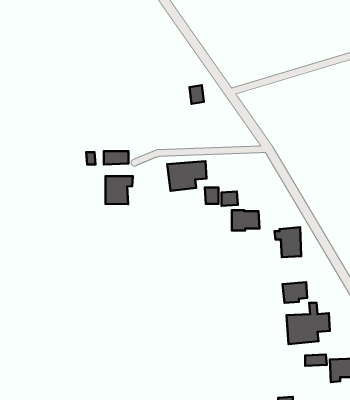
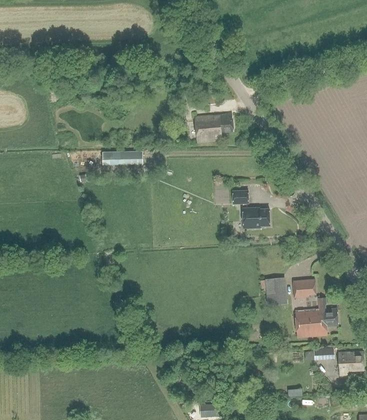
building: [167,161,207,191] -> [194,113,232,142]
building: [105,176,133,204] -> none
building: [274,227,301,257] -> [259,275,285,304]

